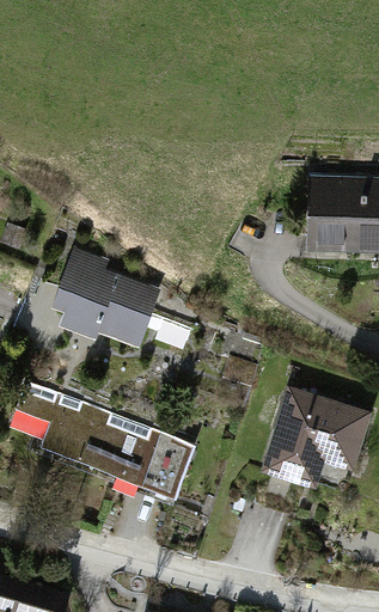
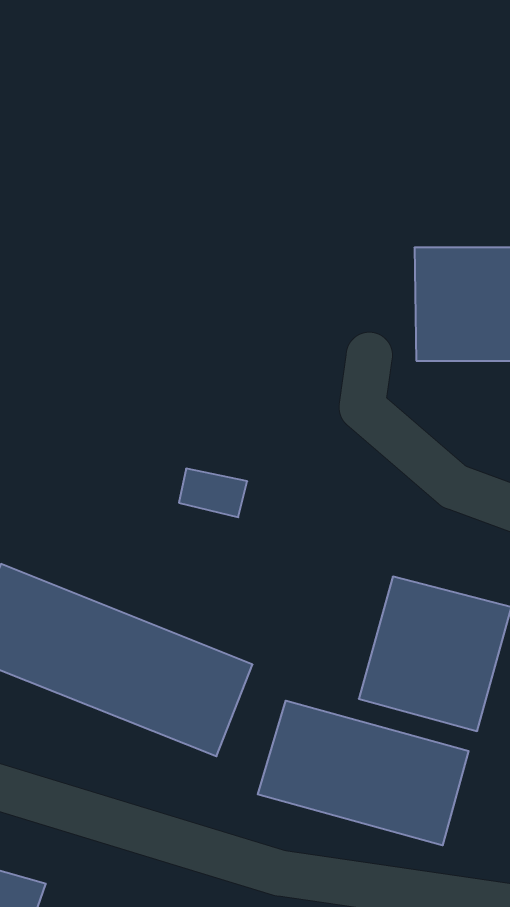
building: [54,257,158,344] -> none
building: none -> [258,701,469,845]

